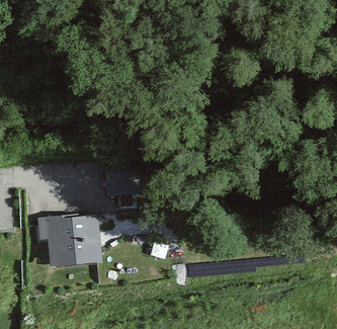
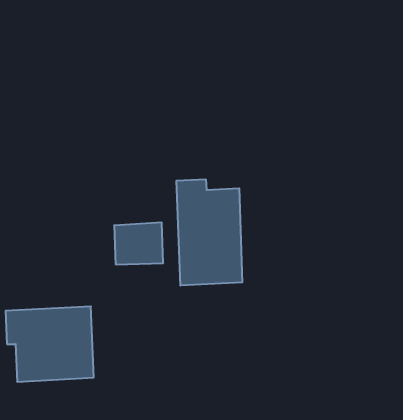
building: none -> [177,179,242,286]

